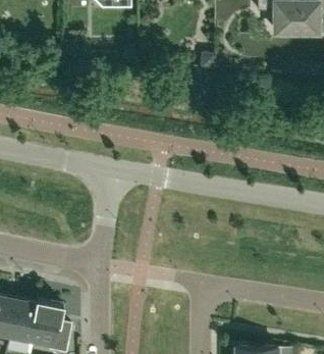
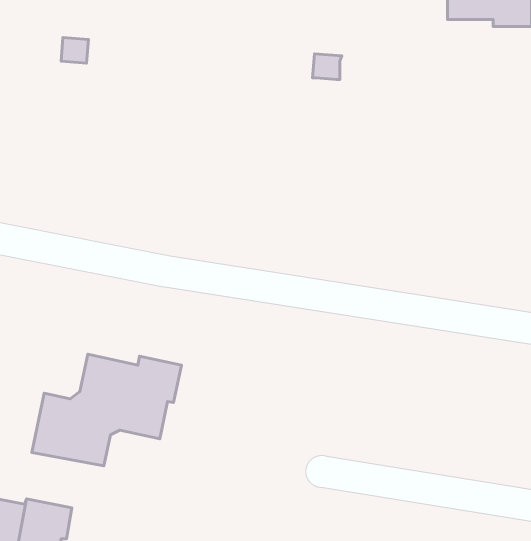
building: none -> [32,354,181,466]

